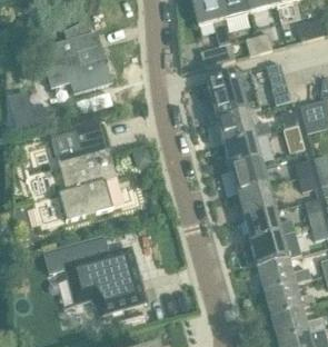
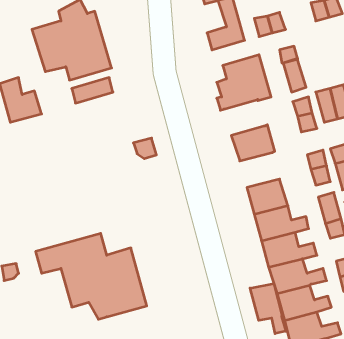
building: [216,111,270,145] -> none
building: [51,122,112,219] -> none
building: [230,160,267,192] -> none
building: none -> [250,283,286,334]

